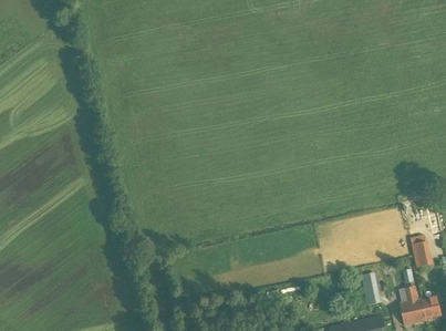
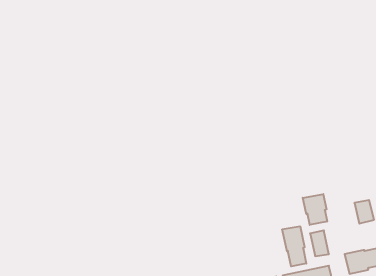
building: none -> [303,194,327,225]
building: none -> [282,226,306,266]

